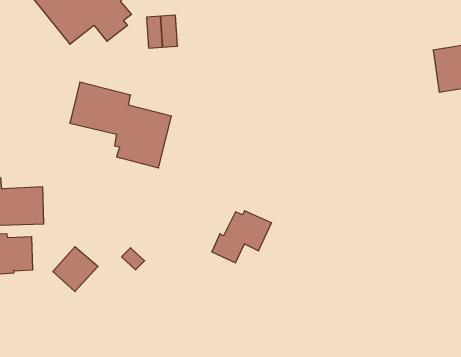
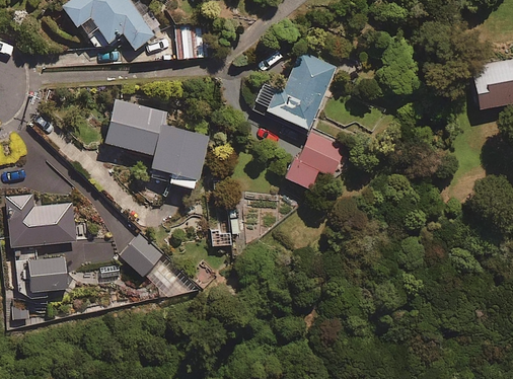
building: none -> [253,49,335,133]
building: [212,211,272,263] -> [283,133,344,185]
building: [53,247,98,292] -> [118,229,163,275]

